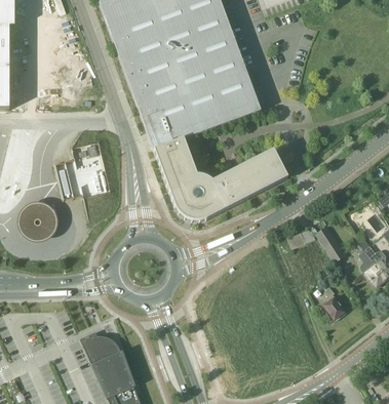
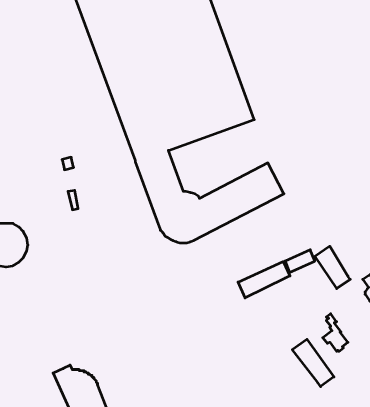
building: none -> [238,262,290,298]
building: none -> [292,339,334,387]

